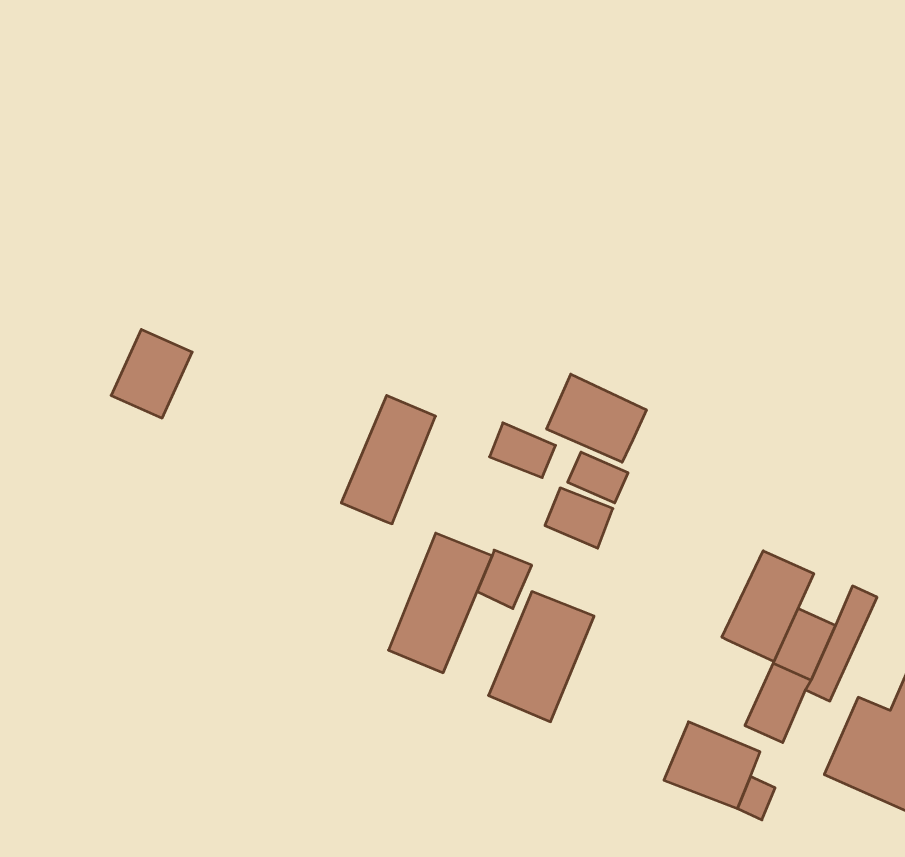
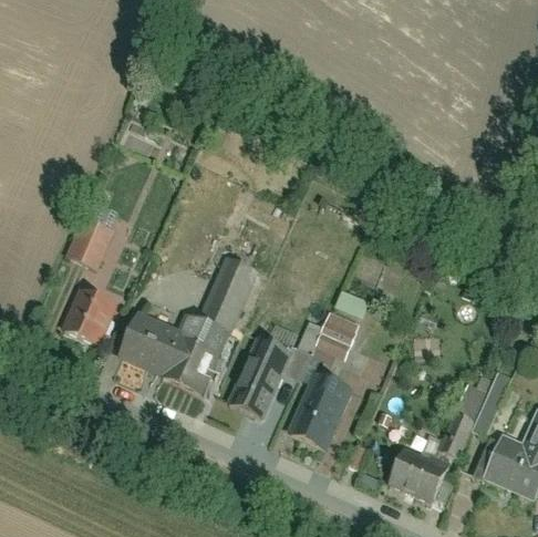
building: [547,374,646,462] -> none
building: [489,423,556,478] -> [312,332,351,364]
building: none -> [62,288,115,344]
building: none -> [121,311,227,391]
building: [722,551,814,661] -> none

